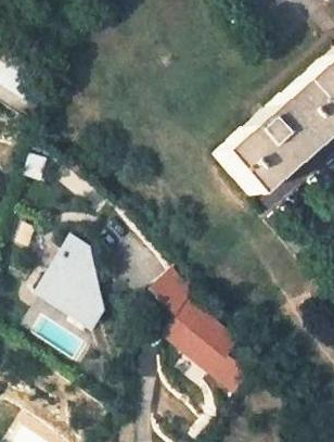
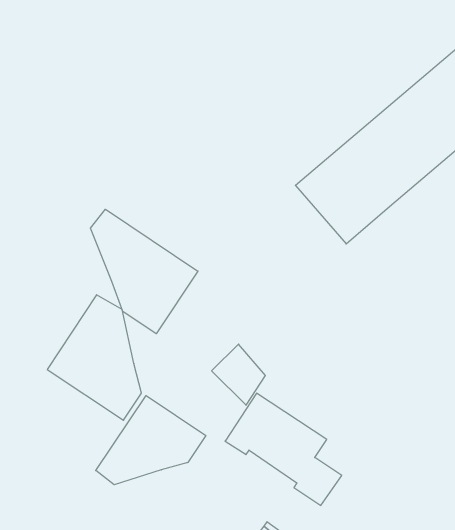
building: none -> [91,209,198,334]
building: none -> [96,396,206,485]

